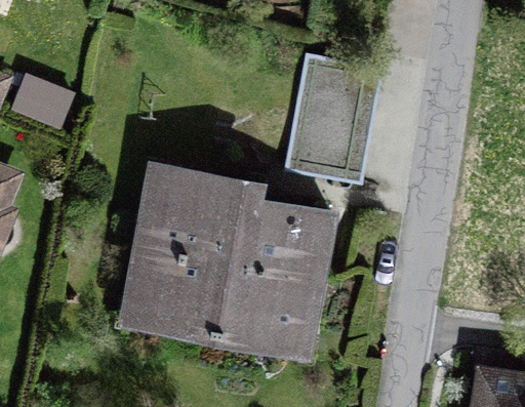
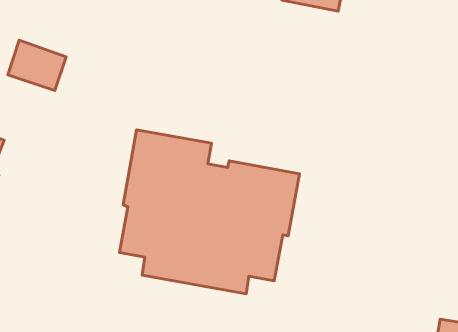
building: [283,53,382,185] -> none

